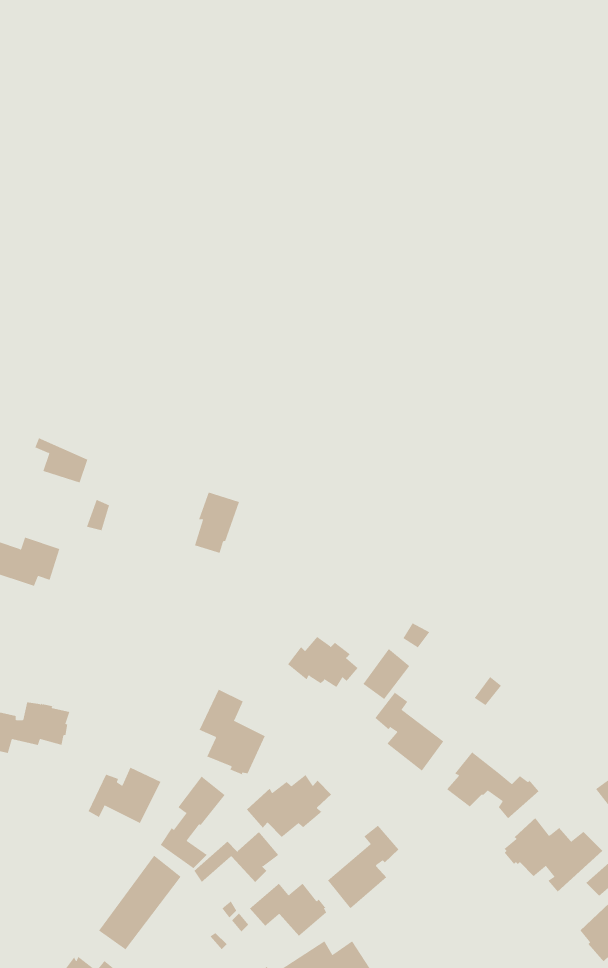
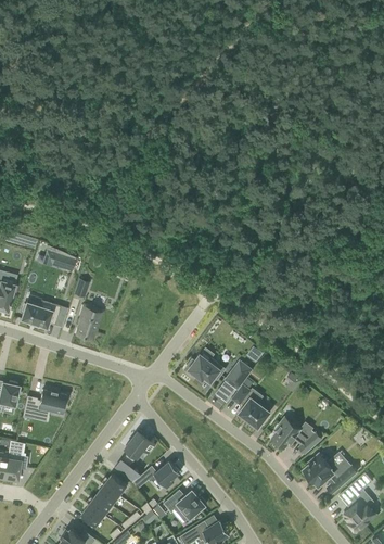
building: [194,492,240,553] -> [77,305,102,339]
building: [199,689,266,776] -> none
building: [88,767,161,824] -> none
building: [246,774,332,838] -> none
building: [327,825,399,909] -> none

